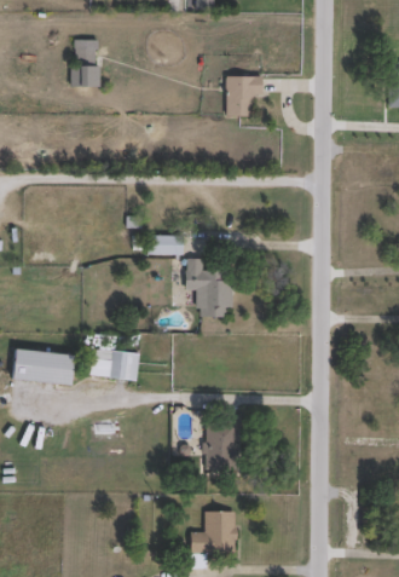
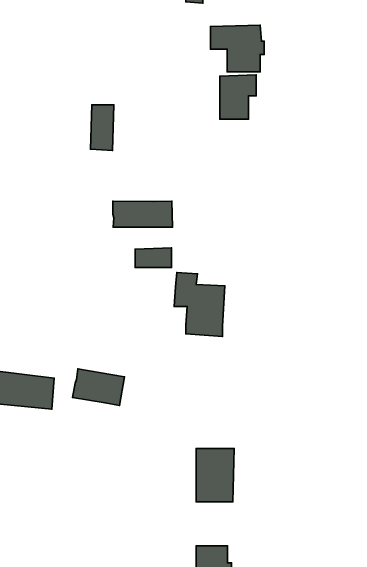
building: none -> [210,25,264,72]
building: [74,37,96,80] -> [90,105,114,151]
building: none -> [113,201,172,227]

